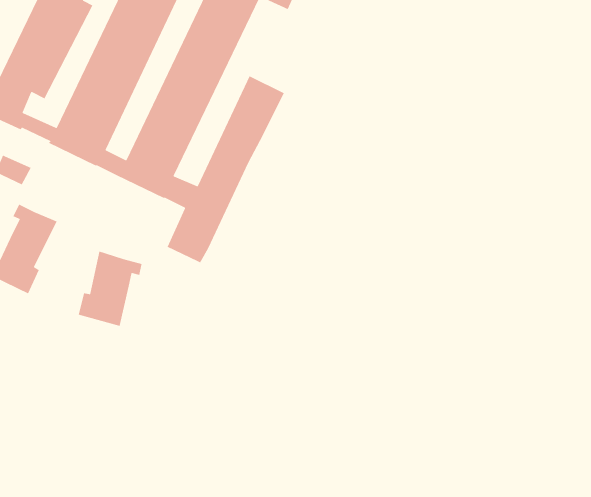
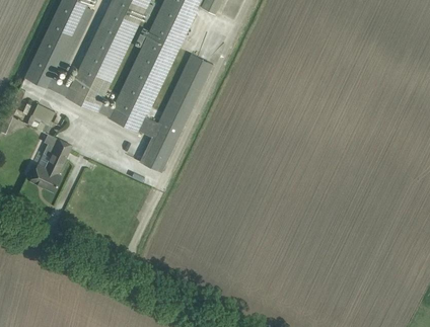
building: [78,251,142,327] -> none

